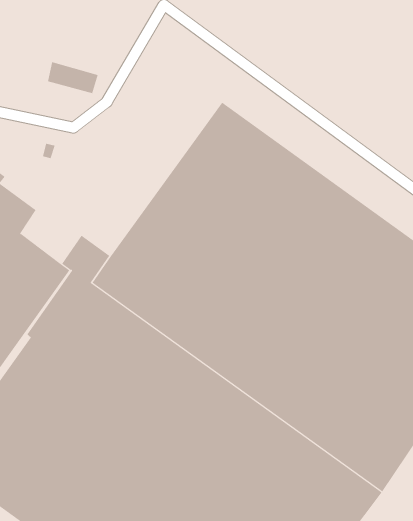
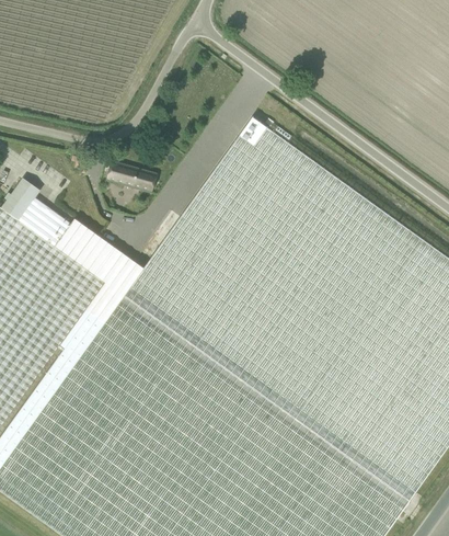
building: [47,61,98,94] -> [106,161,157,193]
building: none -> [55,219,114,276]

